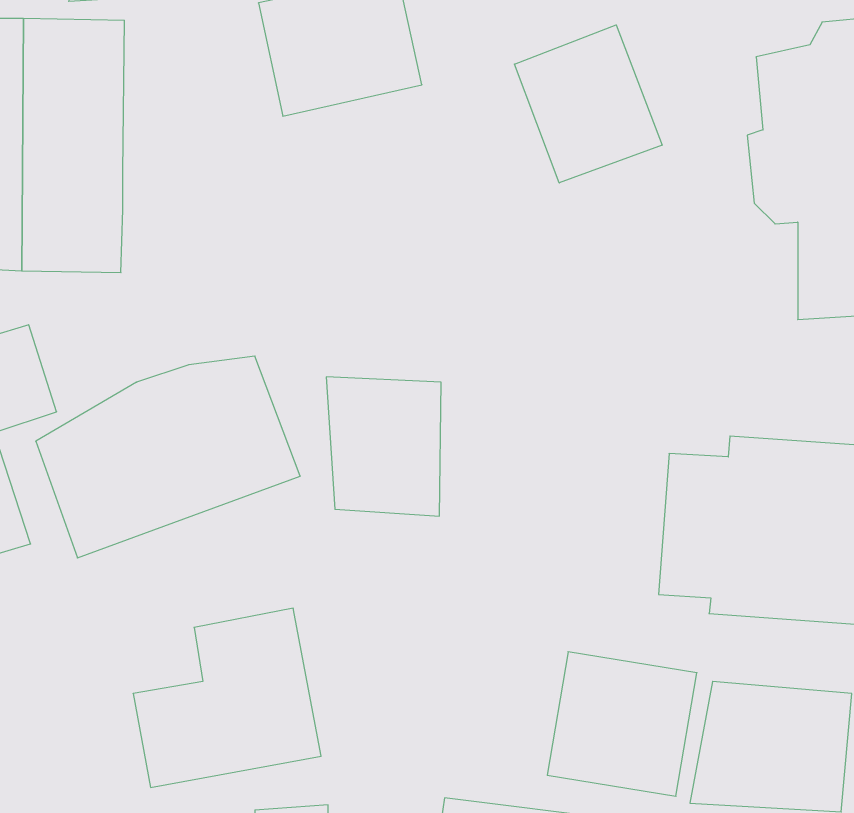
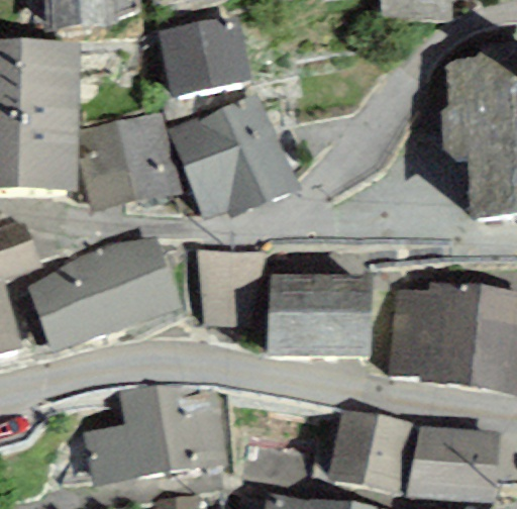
building: [514,25,662,183] -> none
building: none -> [170,94,296,221]
building: none -> [78,111,182,212]
building: none -> [268,275,369,354]

